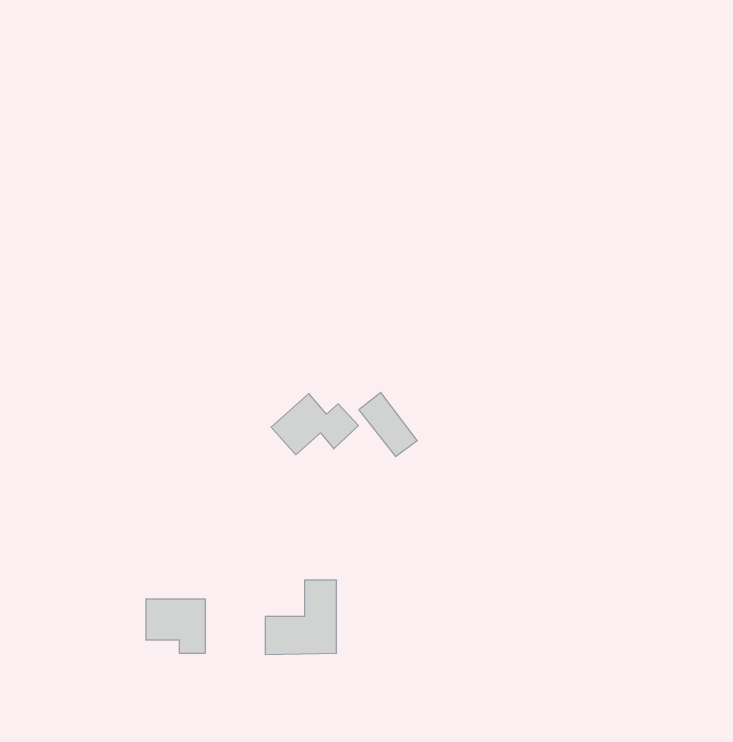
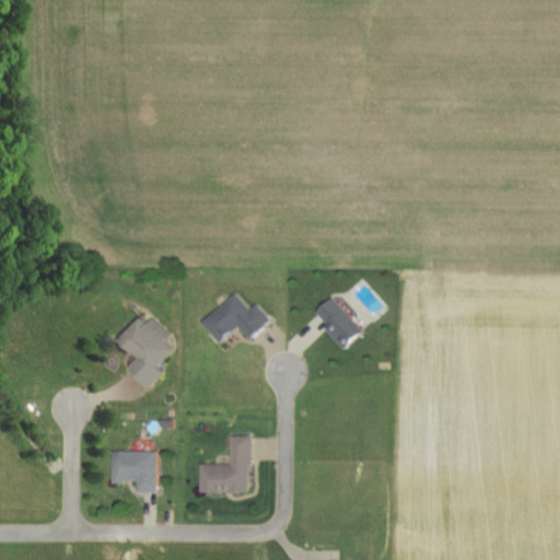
building: [359,392,417,456] -> [314,300,358,348]
building: none -> [118,316,171,384]

